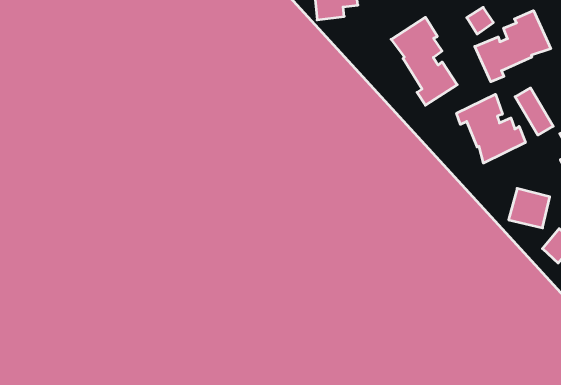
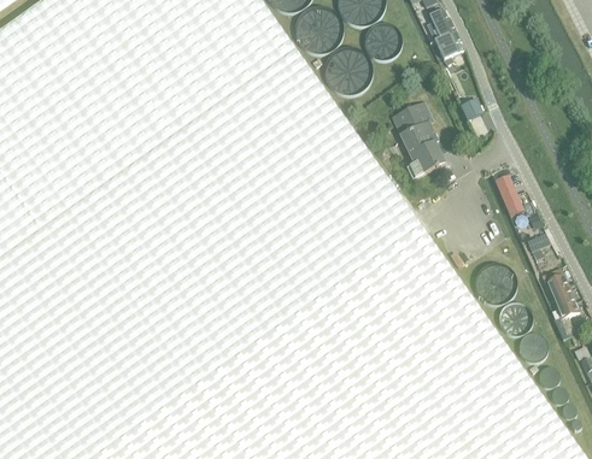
building: [475,11,551,82] -> none
building: [457,94,525,163] -> none

